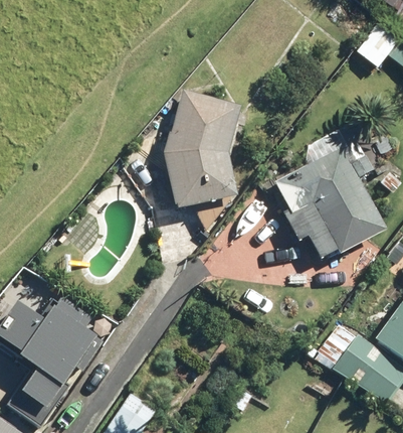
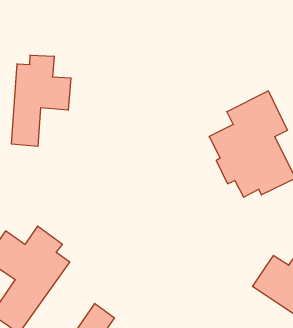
building: none -> [12,55,71,146]
building: [163,88,244,206] -> none

